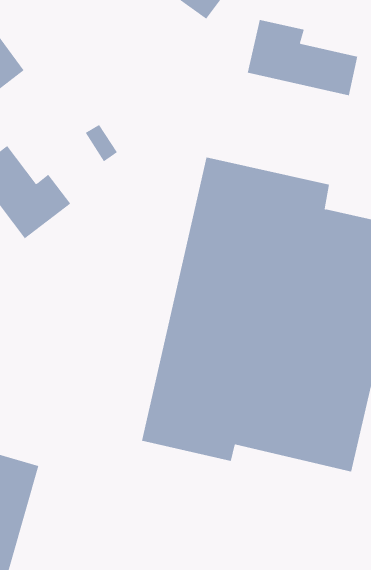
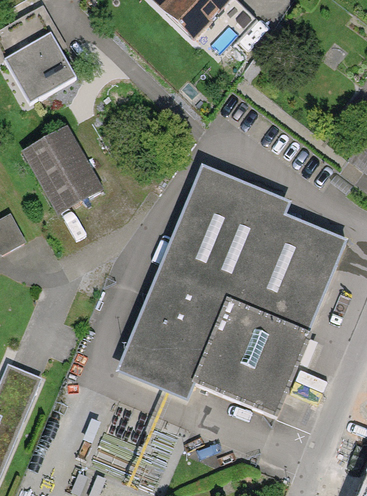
building: [247,19,358,96] -> none

